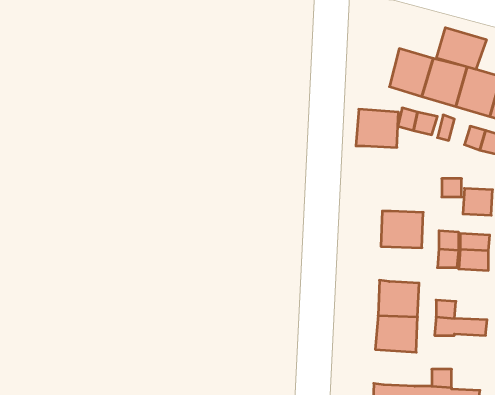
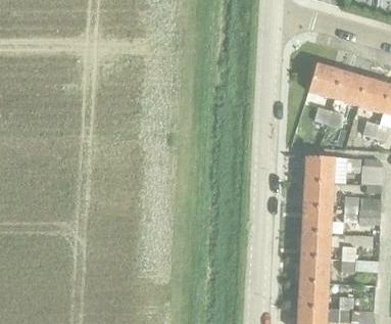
building: [437,28,486,69] -> none
building: [356,109,398,147] -> [304,154,335,182]
building: none -> [302,206,333,233]
building: none -> [298,281,329,308]

